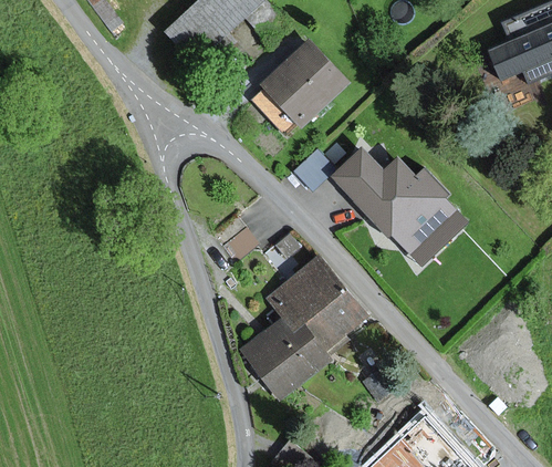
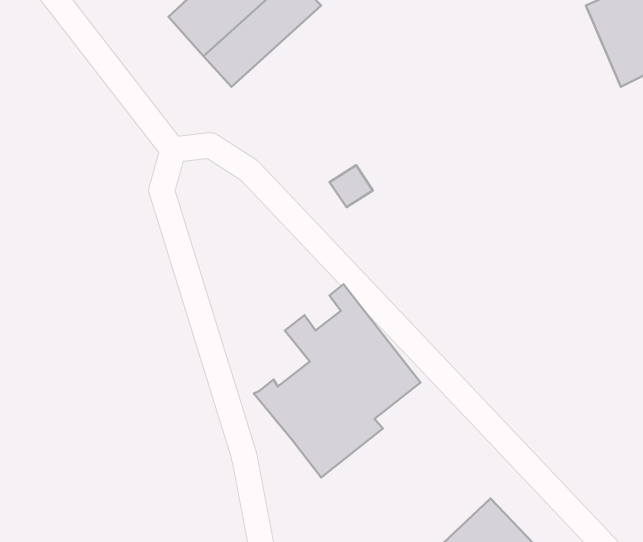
building: [262,42,350,129] -> none
building: [332,147,465,264] -> none

